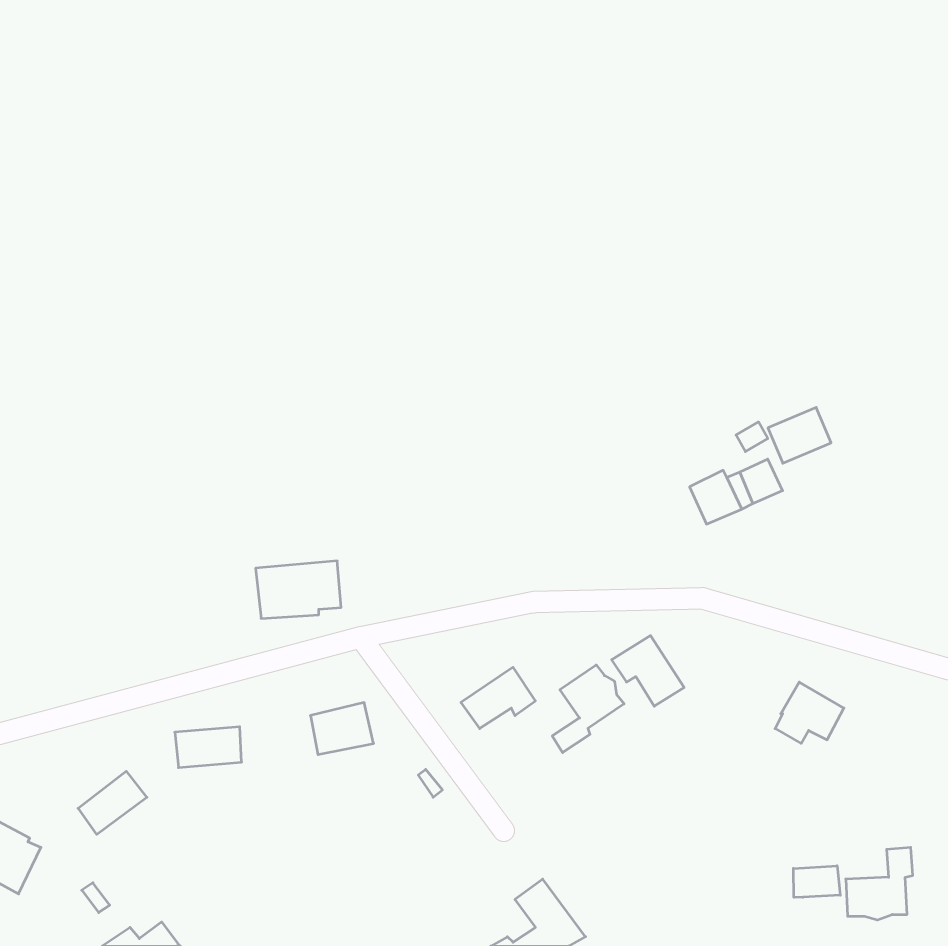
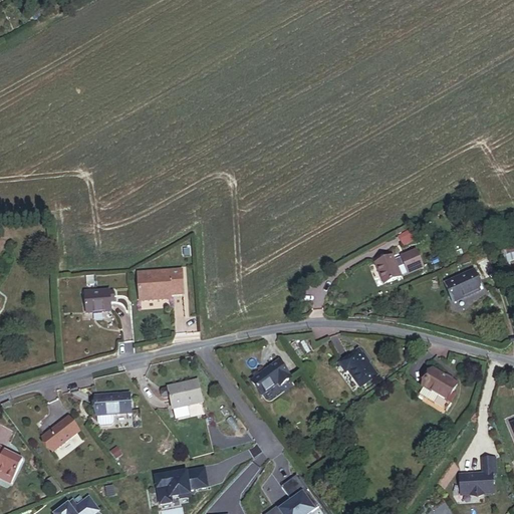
building: [768,407,831,463] -> [446,270,480,300]
building: none -> [85,290,114,311]
building: [256,561,341,618] -> [137,268,183,299]
building: [552,665,624,753] -> none
building: [793,866,840,897] -> none
building: none -> [154,468,205,503]

